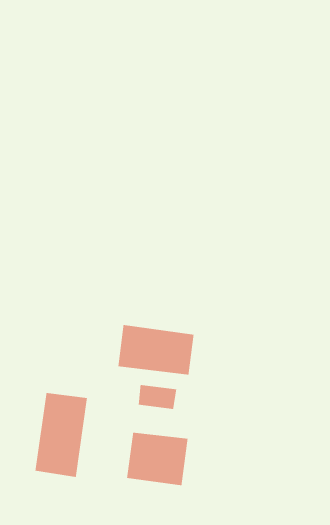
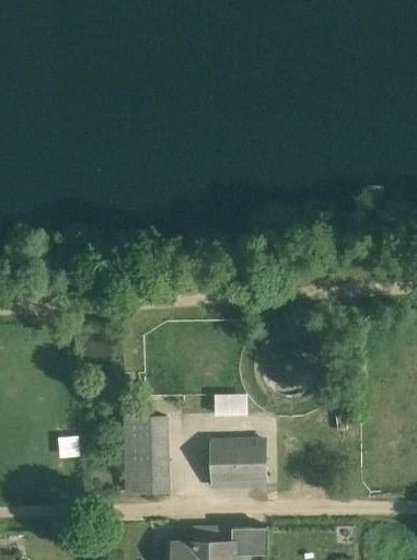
building: [117,324,194,376] -> none

